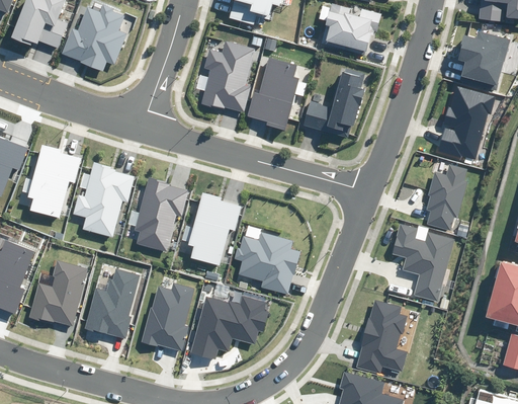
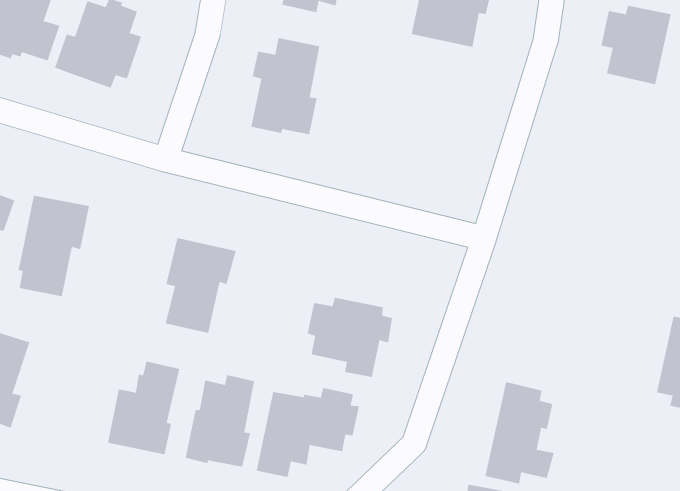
building: [247,57,301,131] -> none
building: [305,68,365,138] -> none
building: [437,86,497,160] -> none
building: [68,165,136,242] -> none
building: [427,165,467,230] -> none
building: [188,193,240,266] -> none
building: [393,224,453,302] -> none
building: [28,260,88,325] -> none

